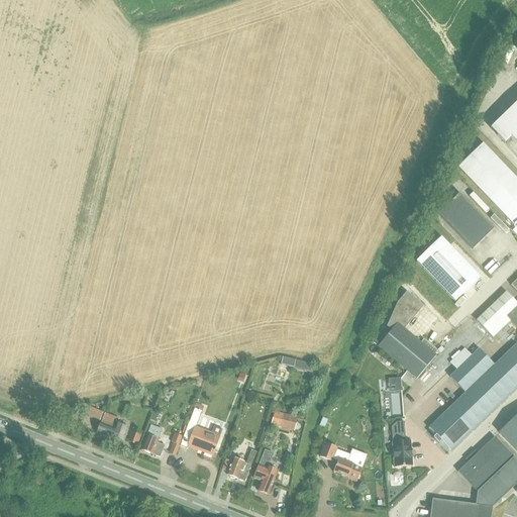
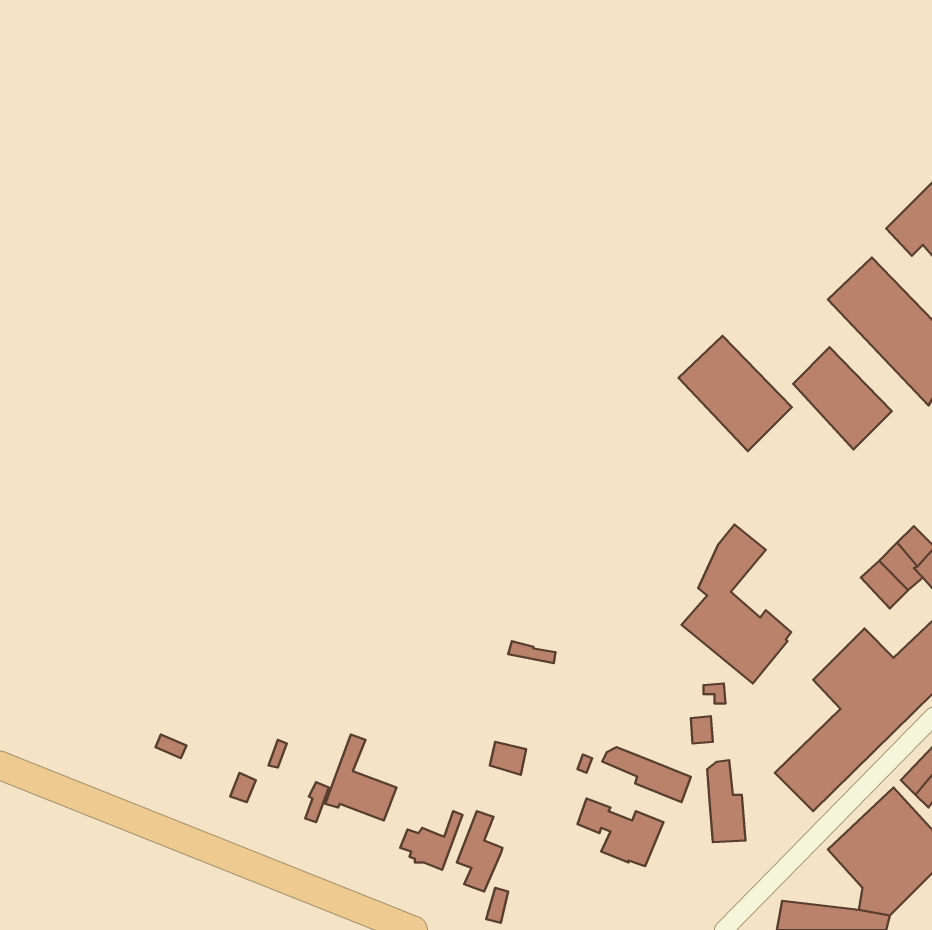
building: [417,236,480,300] -> [679,336,792,451]
building: [98,412,128,441] -> none
building: none -> [602,747,691,802]
building: [141,425,165,455] -> none

